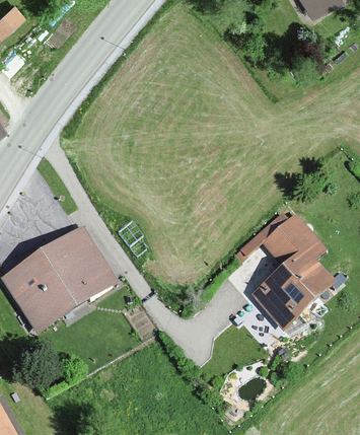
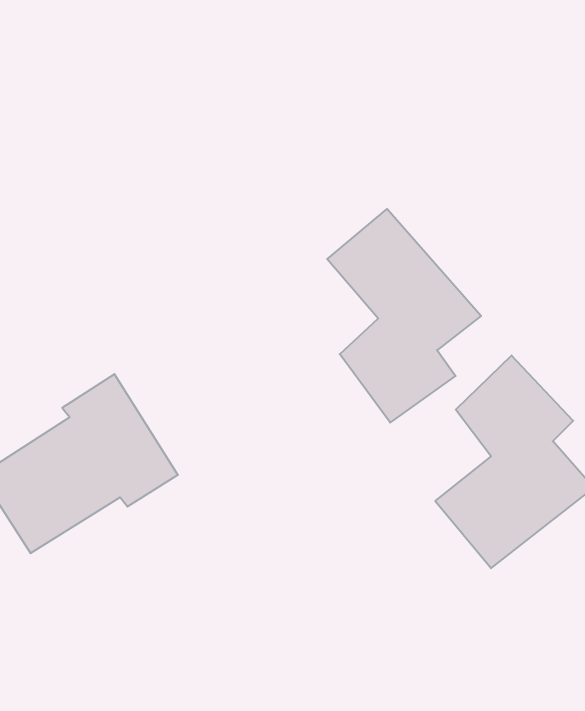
building: none -> [327,209,481,423]

